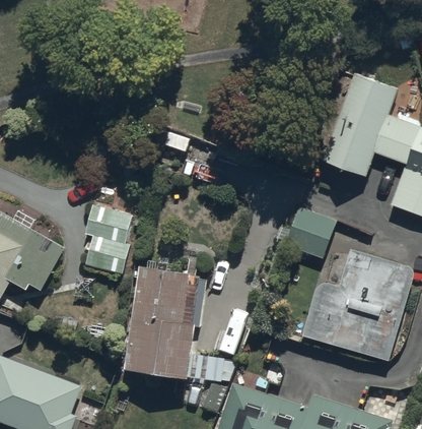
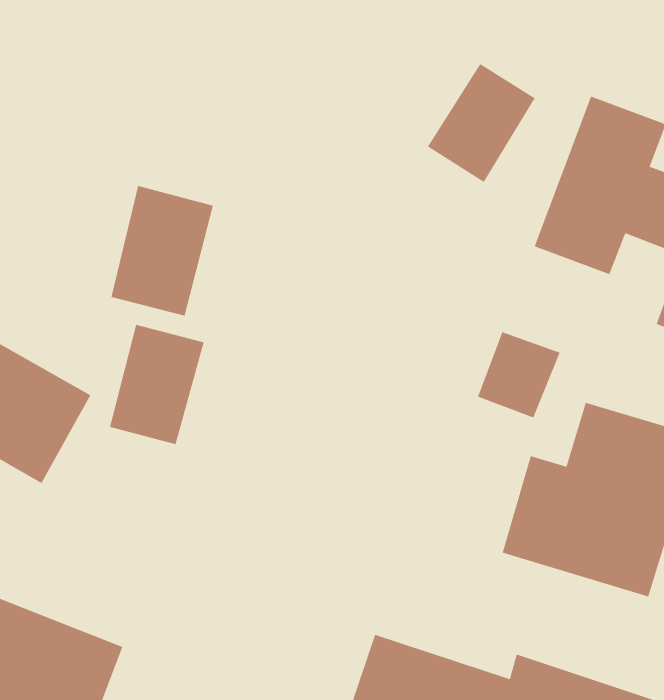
building: none -> [427,63,536,183]
building: none -> [111,185,214,316]
building: [124,263,200,381] -> none

